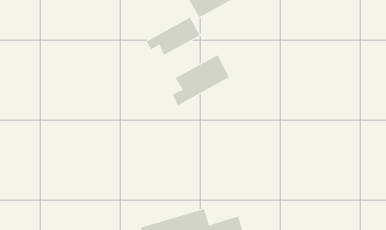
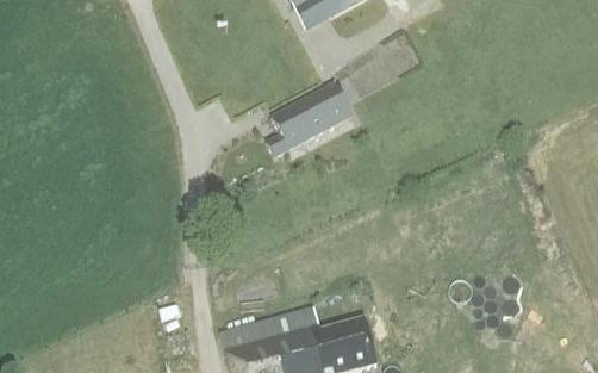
building: [146,17,201,56] -> none

